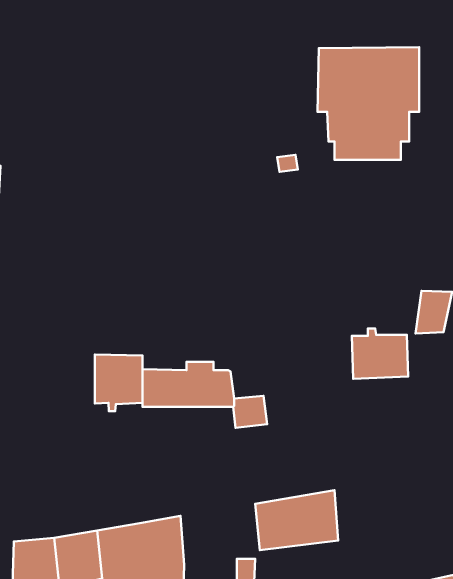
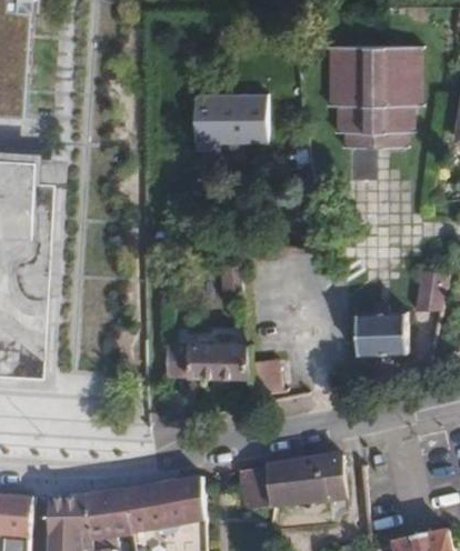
building: none -> [191,90,262,147]
building: [95,354,142,411] -> none
building: none -> [239,464,271,509]

